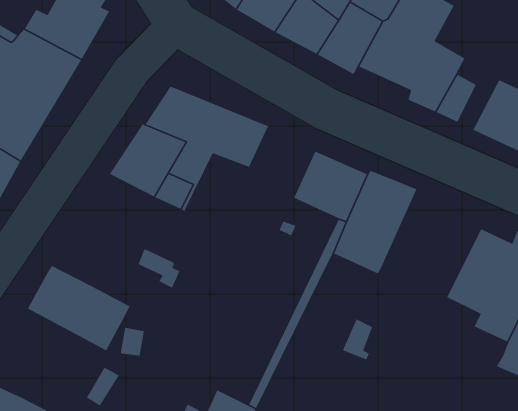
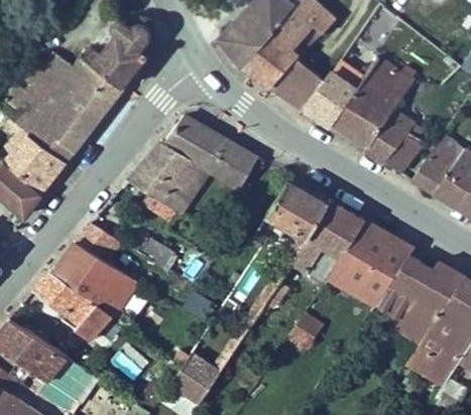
building: none -> [329,221,413,306]
building: none -> [78,225,121,263]
building: none -> [36,273,111,339]

